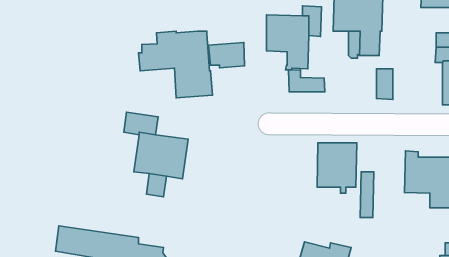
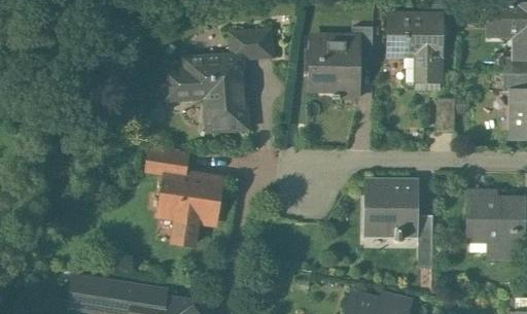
building: [209,43,245,68] -> [230,29,271,58]
building: [289,70,325,92] -> none

